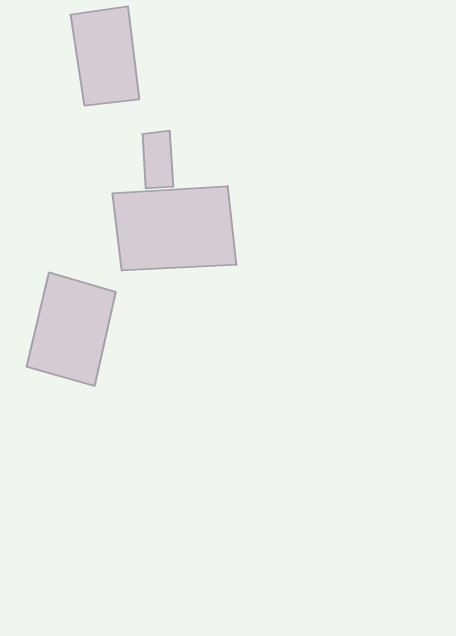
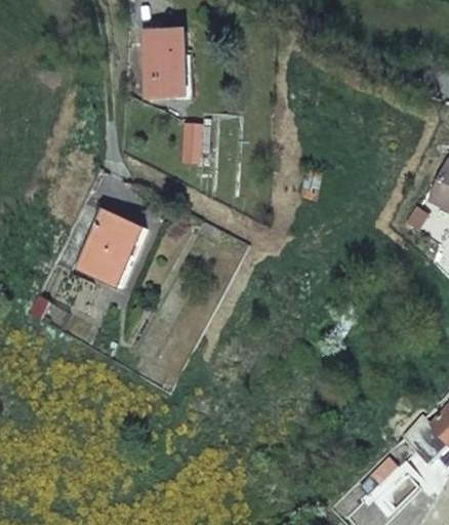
building: [113,186,236,271] -> none

